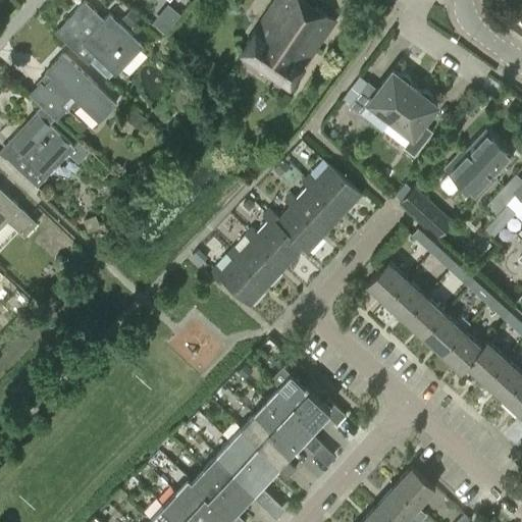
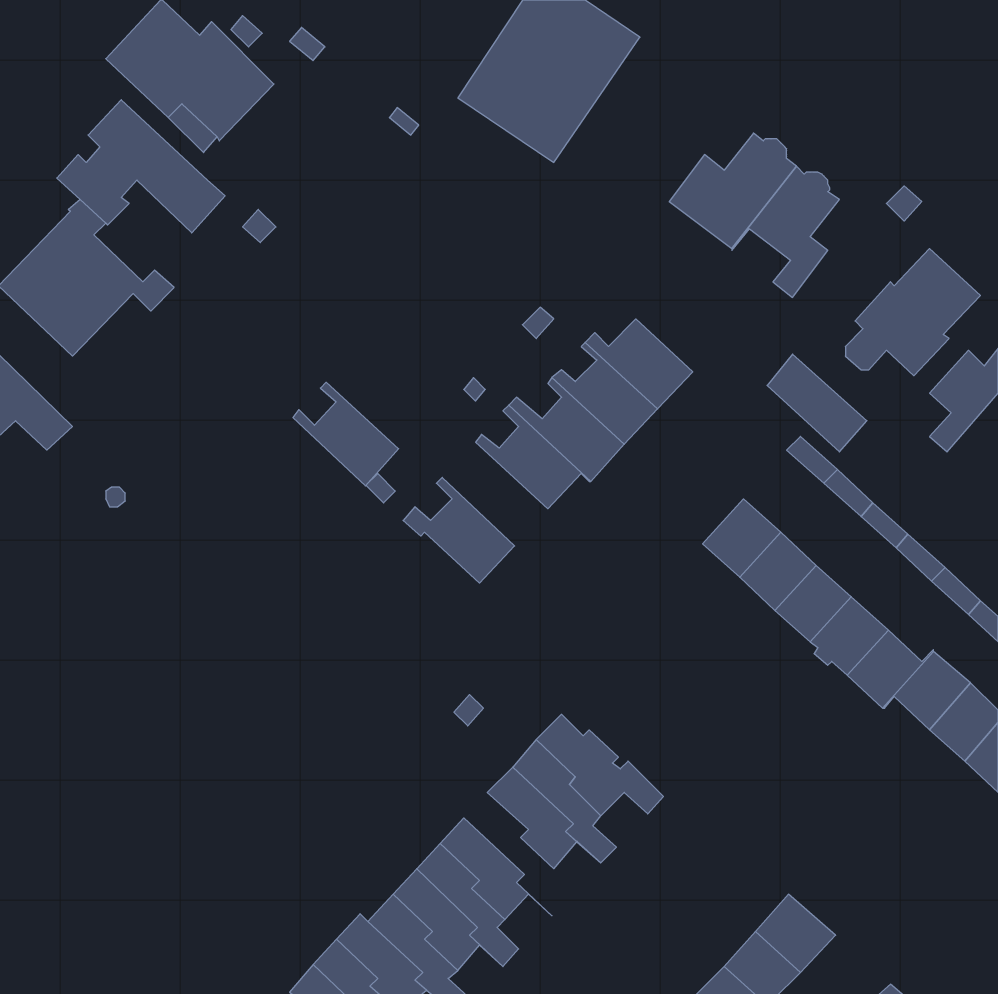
building: [230,233,285,288] -> [293,382,399,486]
building: [242,416,297,480] -> none

